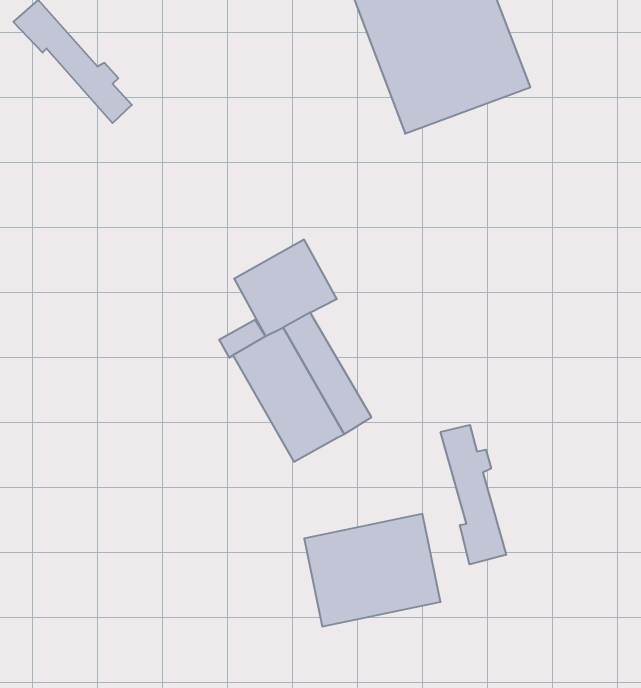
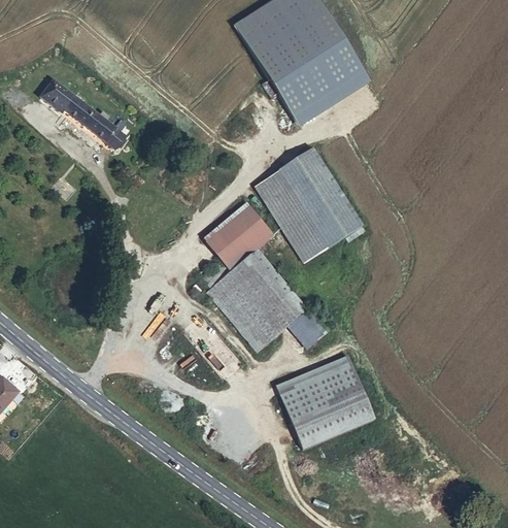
building: none -> [255,151,360,263]
building: none -> [287,309,325,348]
building: [441,425,506,564] -> none

